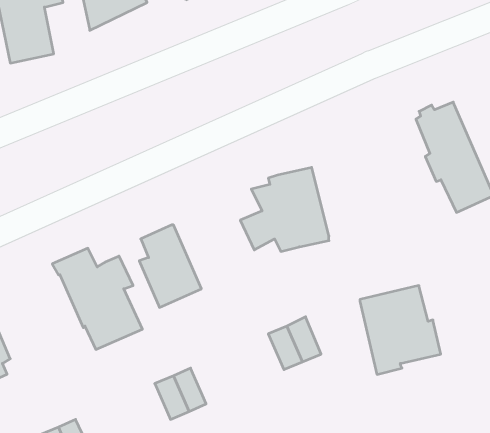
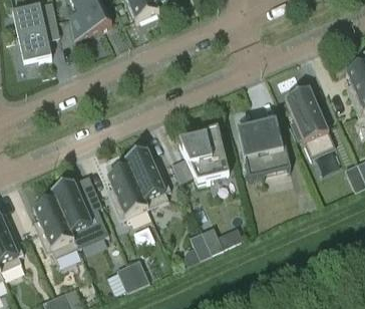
building: none -> [124,148,170,207]
building: none -> [33,198,78,256]
building: [360,286,441,374] -> [238,121,290,179]

